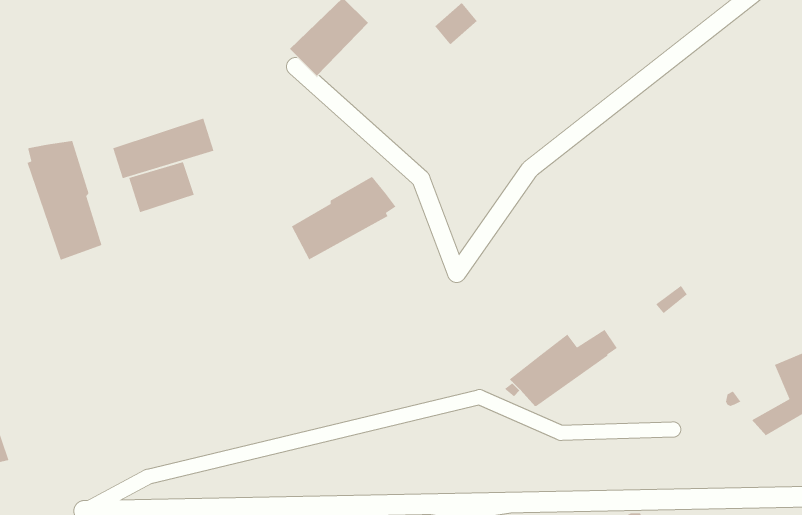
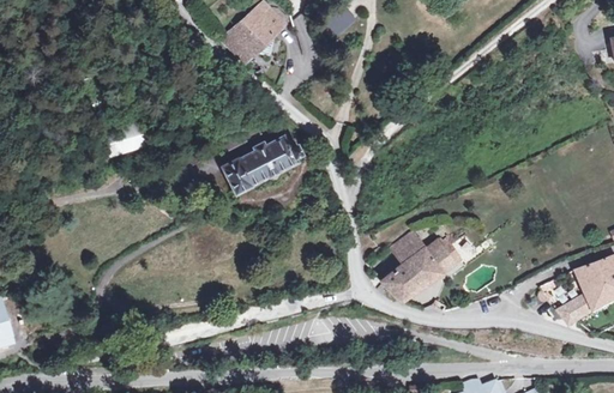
building: [112,118,214,179] -> none
building: [27,140,102,261] -> none
building: none -> [393,231,426,264]

